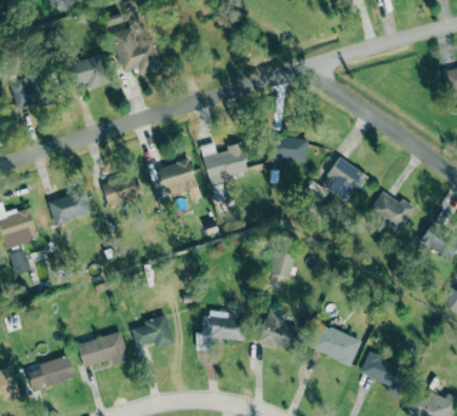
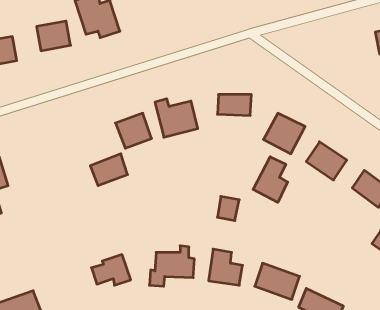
building: [101,173,142,209] -> [90,154,128,186]
building: [47,190,91,226] -> none
building: none -> [253,157,288,202]
building: [78,334,128,367] -> none

